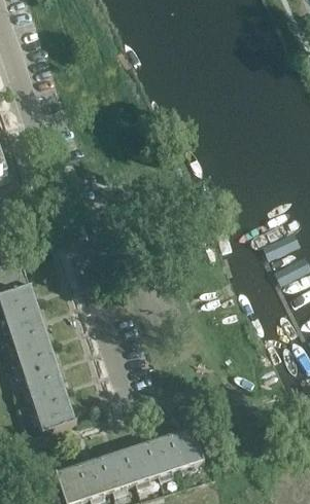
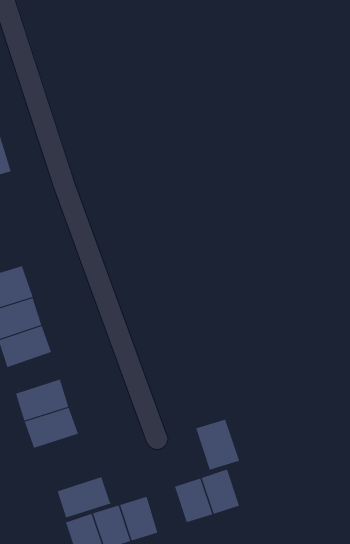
building: [6,328,51,363] -> none
building: none -> [195,419,240,470]
building: [29,397,75,432] -> [57,477,112,518]
building: [125,441,158,480] -> none

